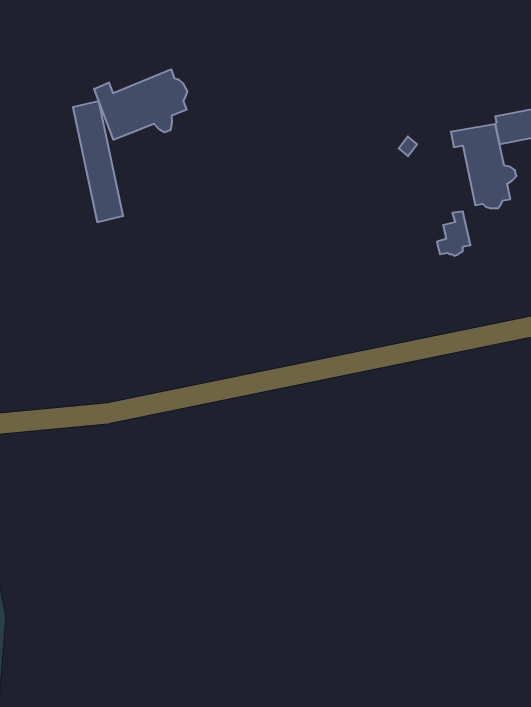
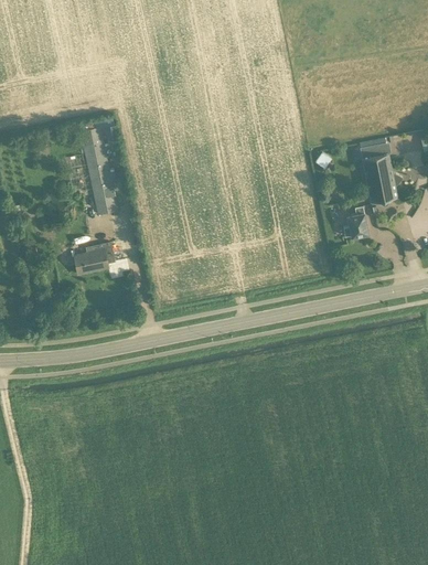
building: [94,69,187,140] -> none
building: none -> [74,242,115,274]

